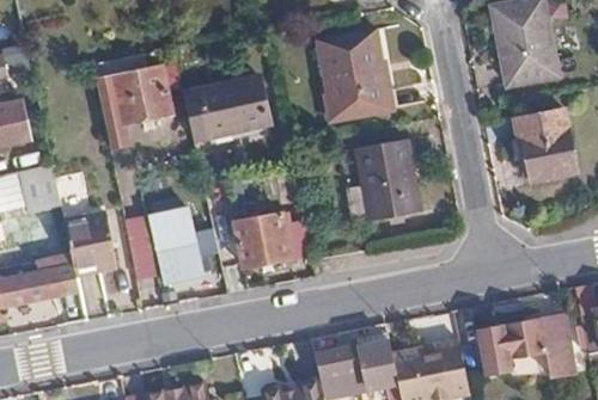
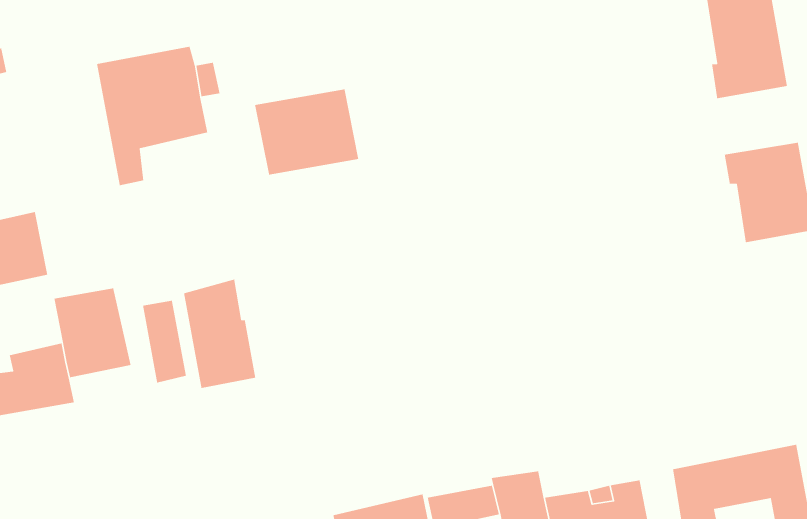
building: [317,32,389,121] -> none
building: [358,142,421,223] -> none
building: [234,211,293,266] -> none

